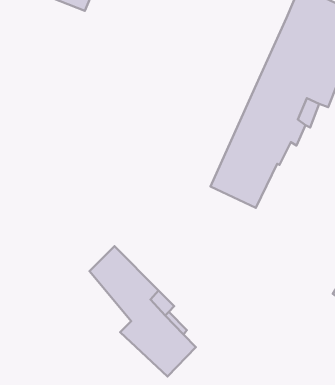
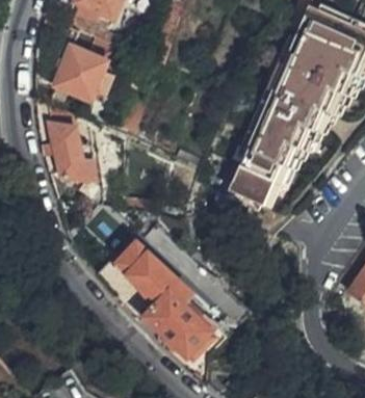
building: none -> [54,49,106,100]
building: none -> [50,126,94,179]

